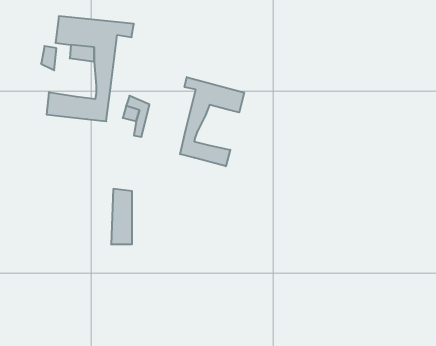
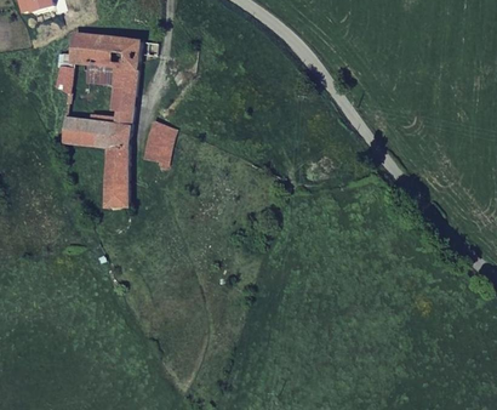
building: [180,77,244,166] -> none
building: [111,189,132,244] -> [103,146,126,206]

